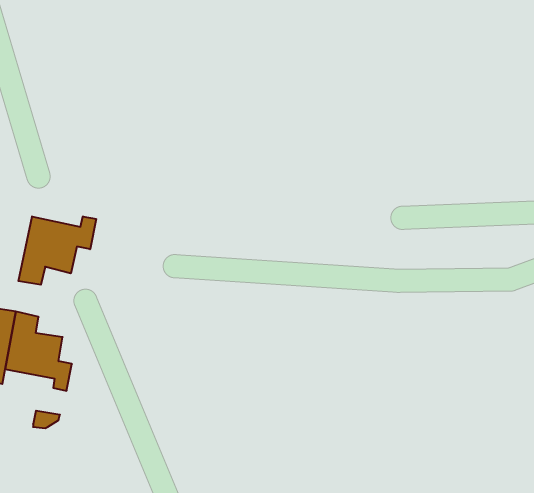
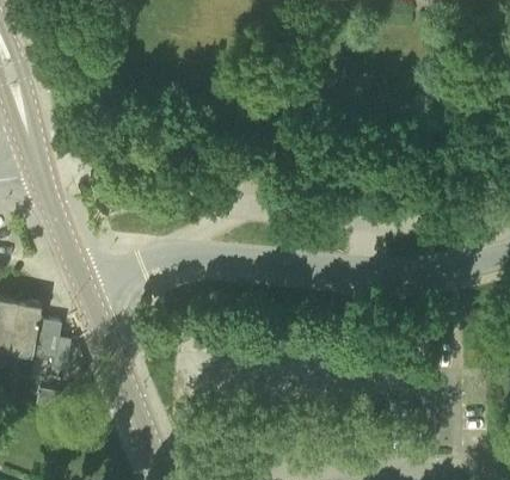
building: [18,216,96,285] -> none

